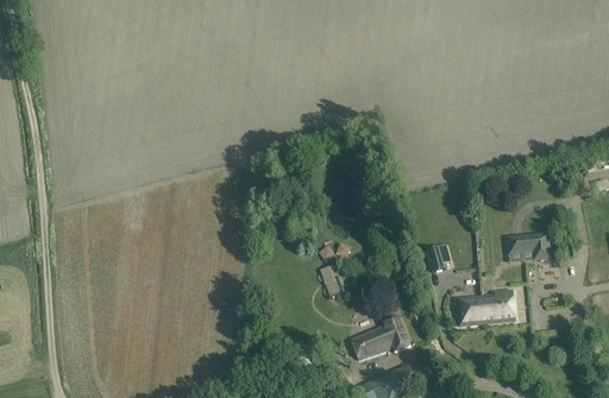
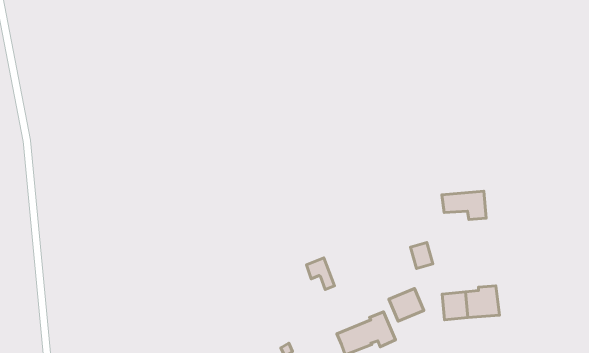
building: [504,233,550,261] -> [442,191,486,219]
building: none -> [389,289,424,321]

